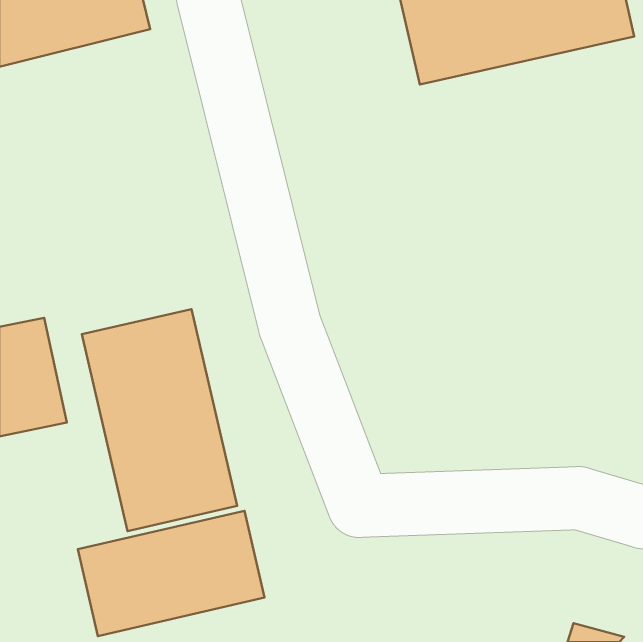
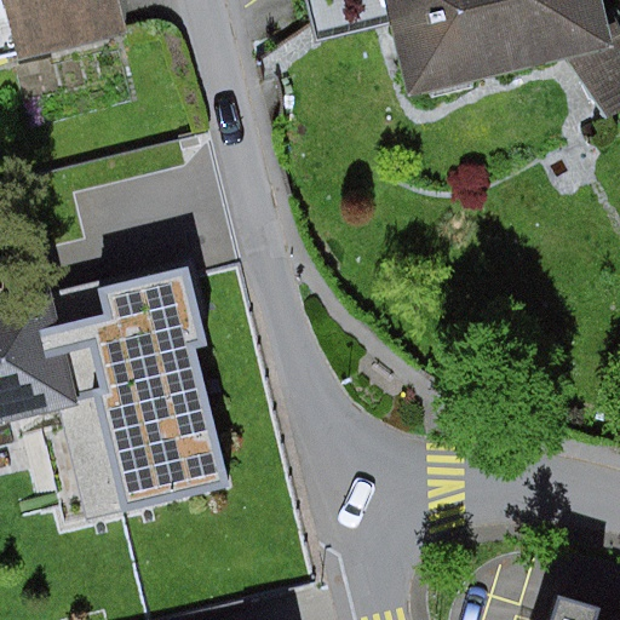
building: [78,511,265,636] -> none

